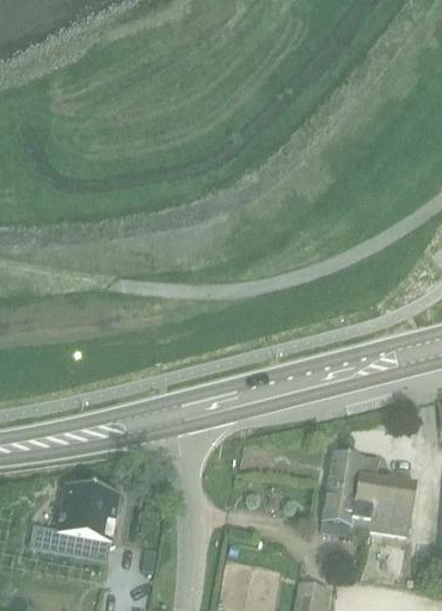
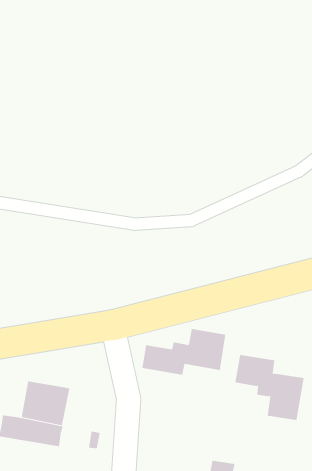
building: none -> [142,328,226,376]
building: [320,486,369,535] -> none

